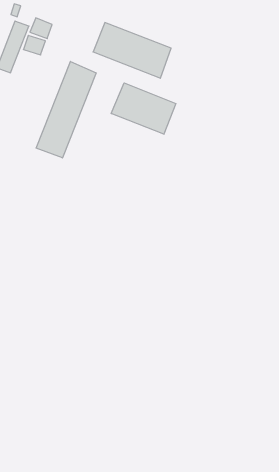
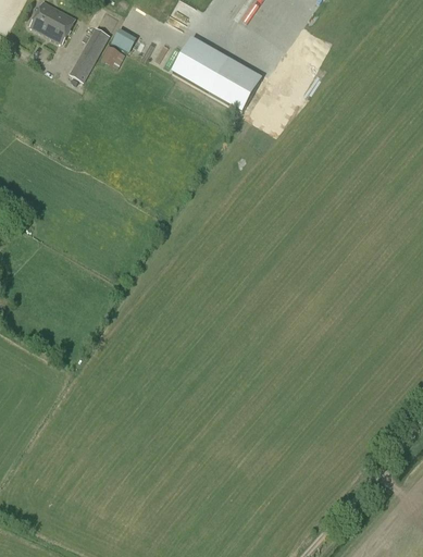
building: [36,61,96,158] -> none
building: [111,83,176,134] -> none

